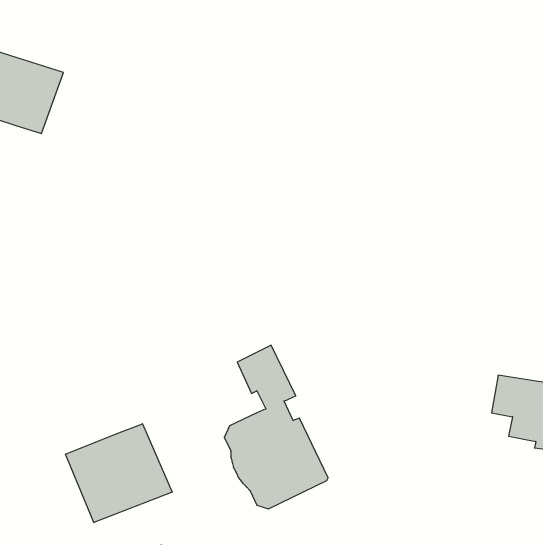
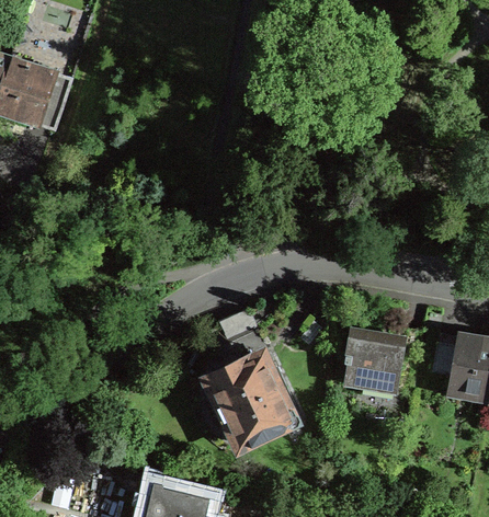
building: none -> [342,329,422,398]
building: [66,424,172,523] -> none

